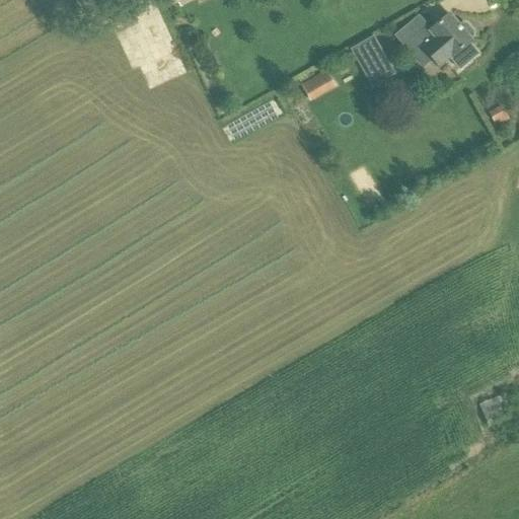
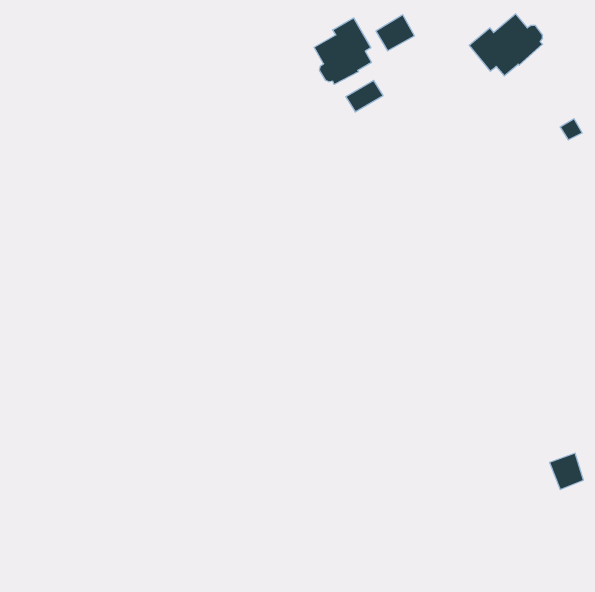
building: none -> [314,18,371,84]
building: [355,43,388,74] -> [376,15,414,51]

